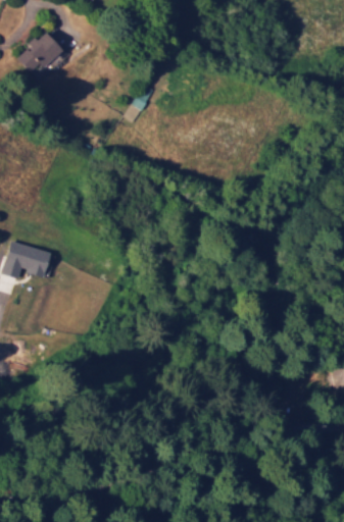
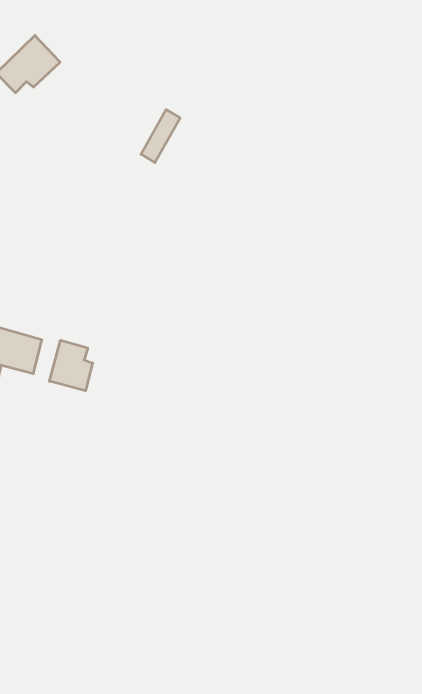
building: none -> [49,340,93,391]

